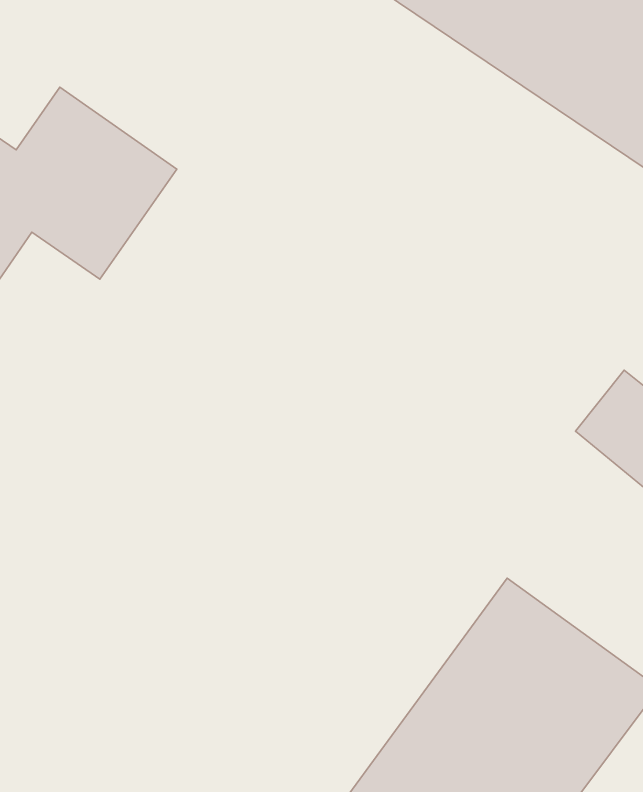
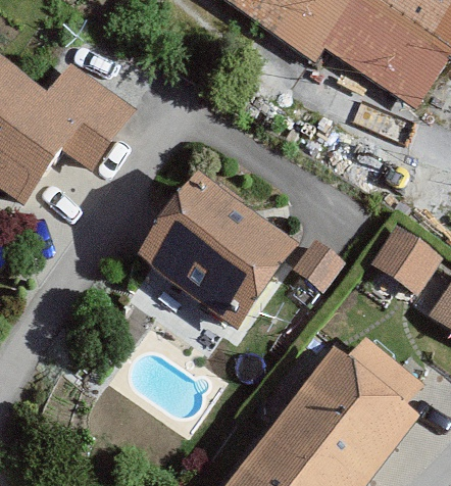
building: none -> [137,180,296,331]

